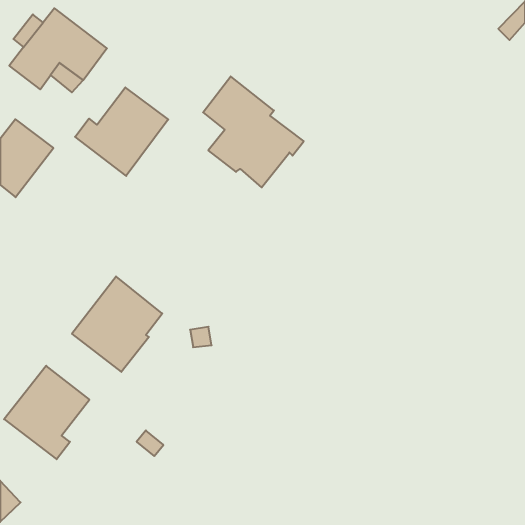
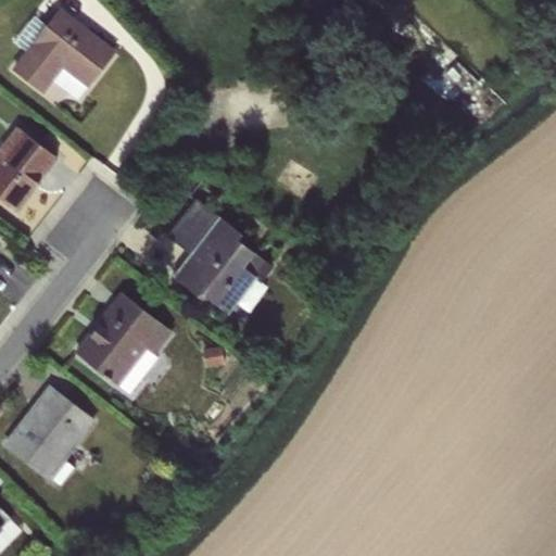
building: [203,76,304,187] -> [166,198,273,315]
building: [75,87,168,176] -> none

